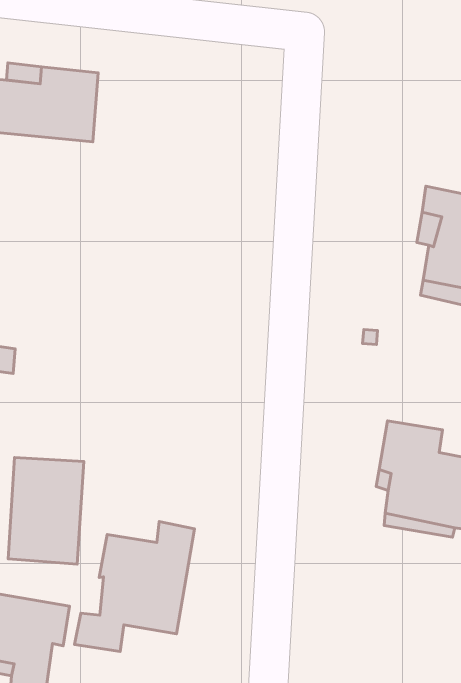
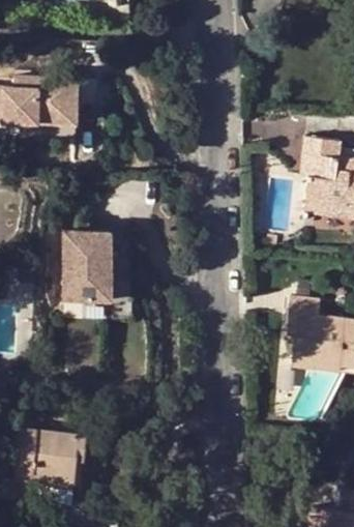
building: [8,458,84,564] -> [65,232,113,301]
building: [74,521,194,651] -> none

